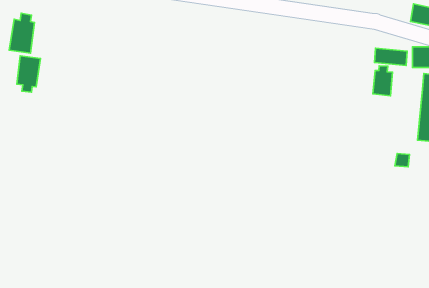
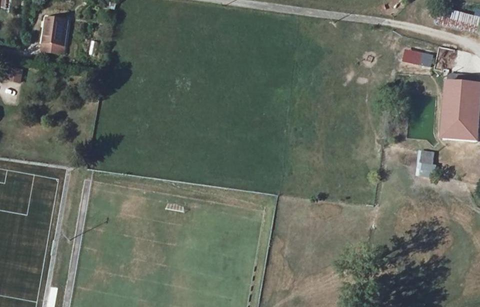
building: [17,56,41,92] -> none
building: [373,66,392,96] -> none

